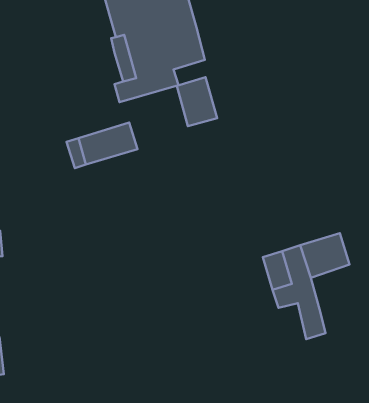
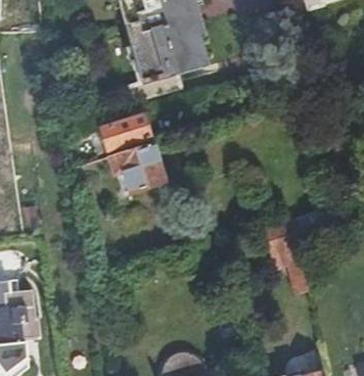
building: [177,77,217,126] -> none
building: none -> [109,141,165,190]

